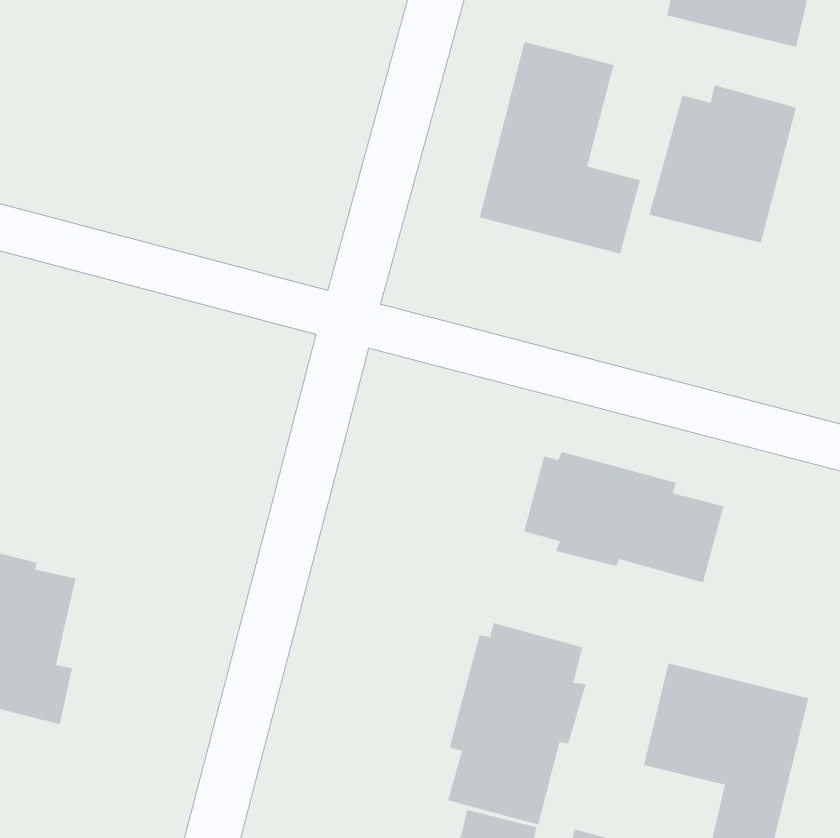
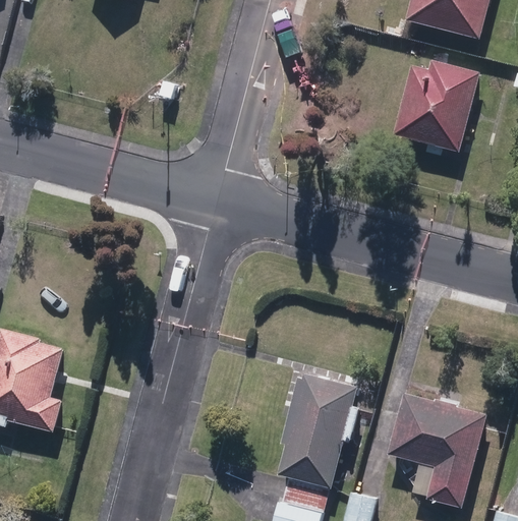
building: [479,41,640,255] -> none
building: [524,451,724,583] -> none

